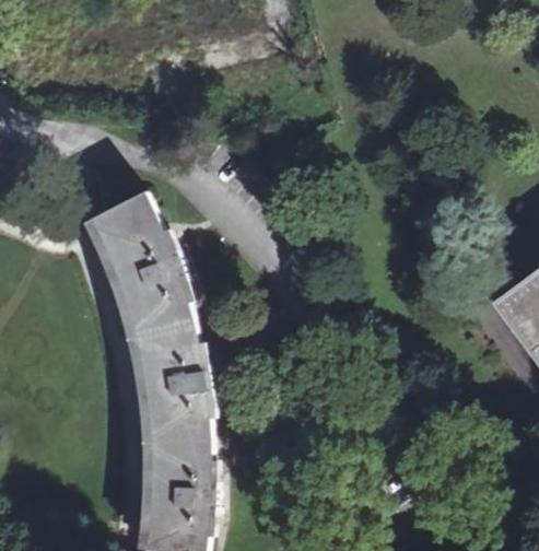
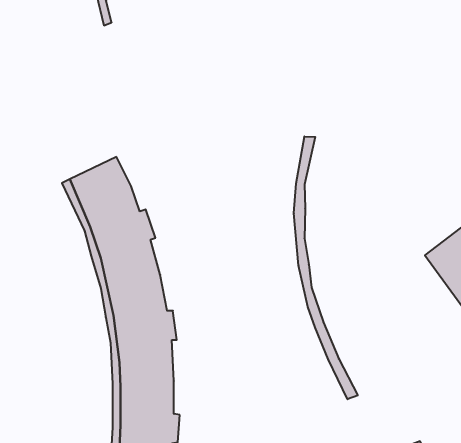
building: none -> [294,136,358,399]

